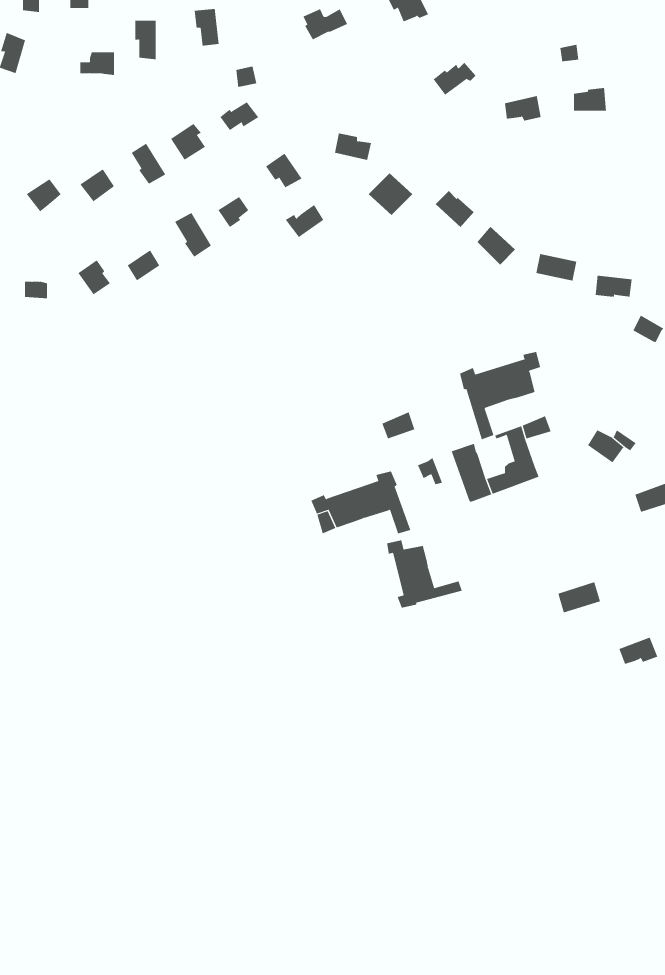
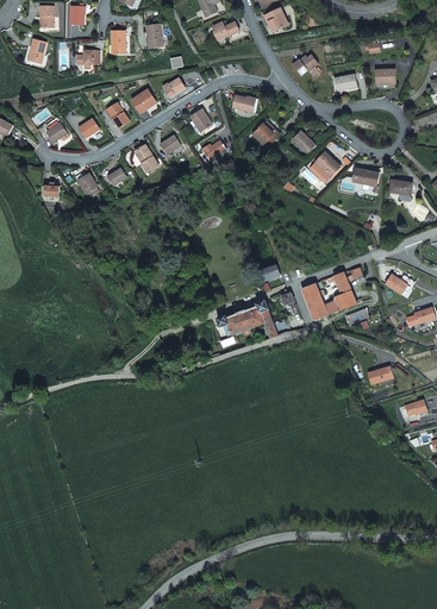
building: [459,351,541,440] -> none
building: [387,540,462,608] -> none

